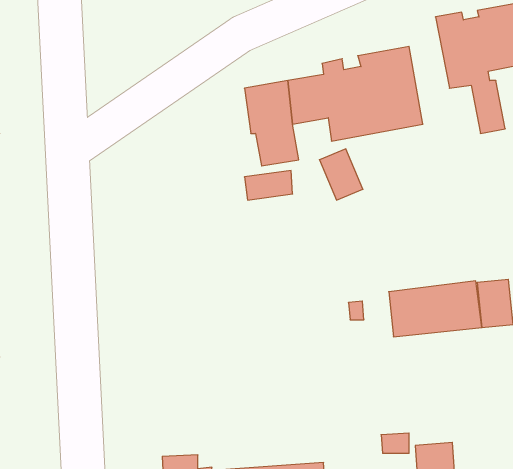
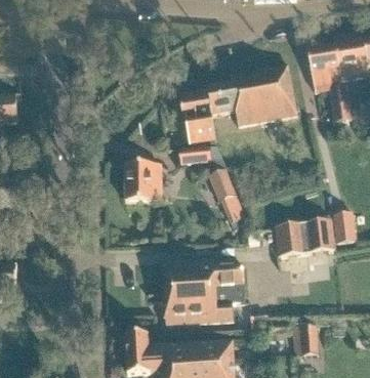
building: [319,149,363,200] -> [208,168,237,202]
building: none -> [125,165,161,202]
building: none -> [164,260,244,325]

